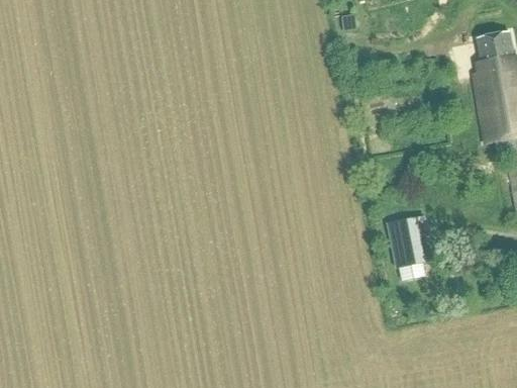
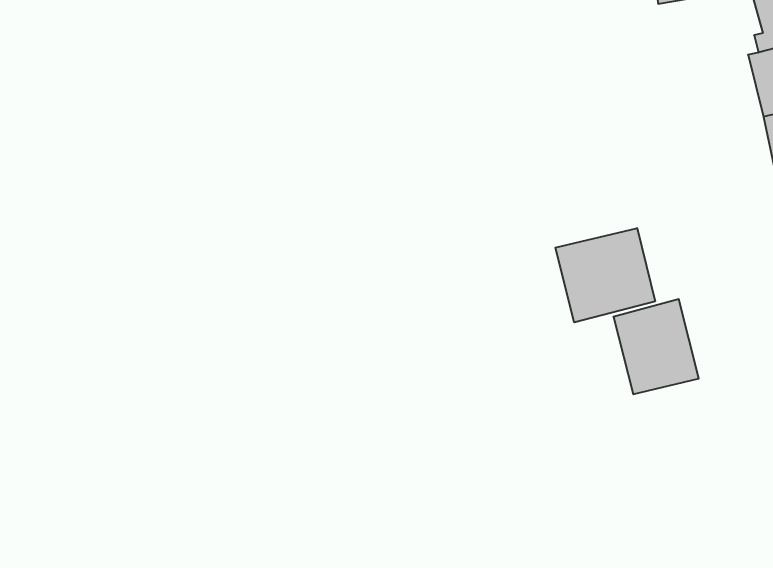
building: none -> [555,228,655,322]

